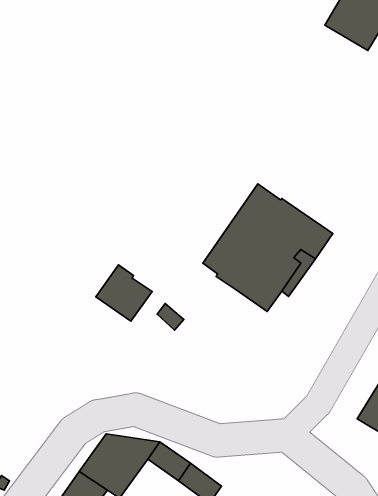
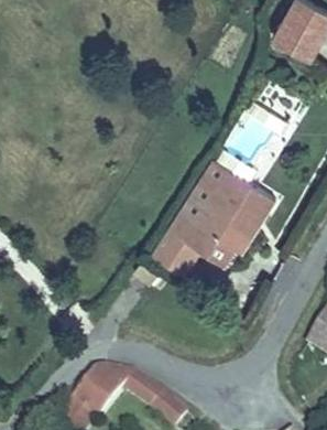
building: [96,265,152,321] -> [153,225,199,271]

